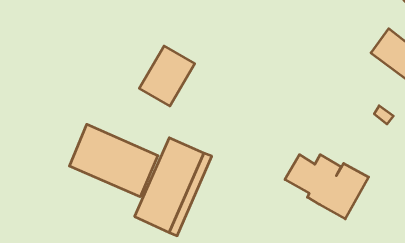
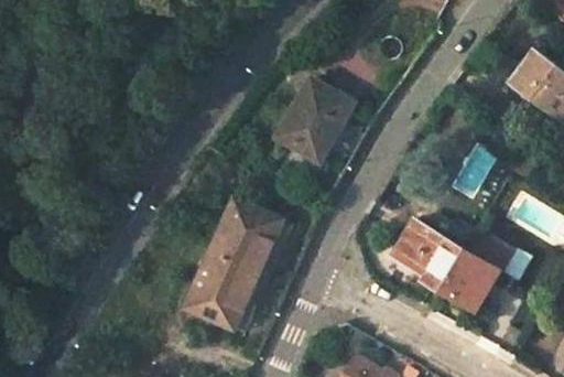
building: [139,46,195,106] -> [275,78,351,161]
building: [69,124,158,197] -> none

